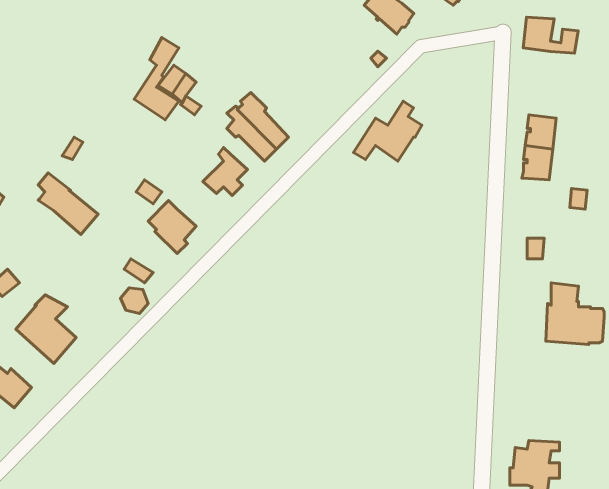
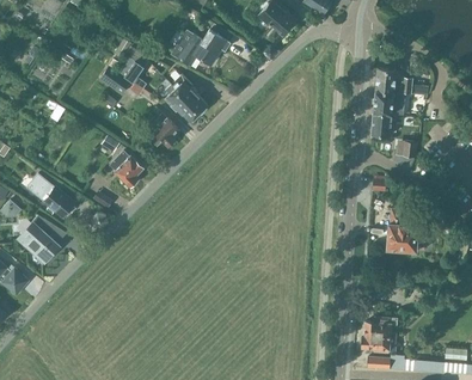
building: [523,17,578,53] -> [375,69,413,94]
building: [353,101,422,161] -> [179,24,227,66]
building: [38,173,98,235] -> [31,173,73,216]

